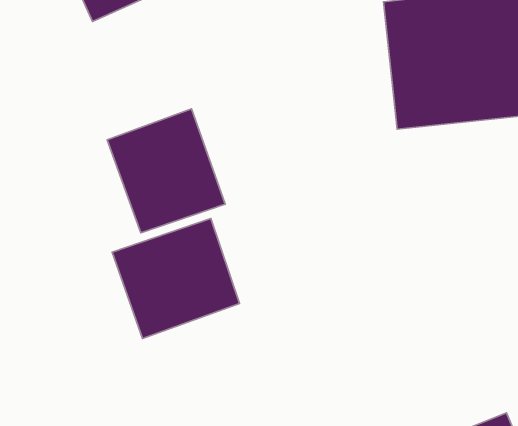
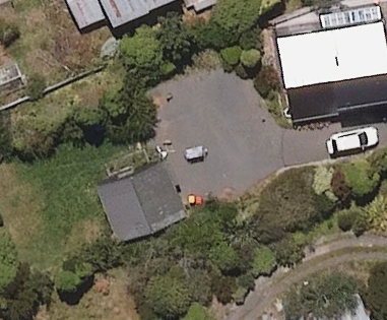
building: [107,109,225,233] -> none

